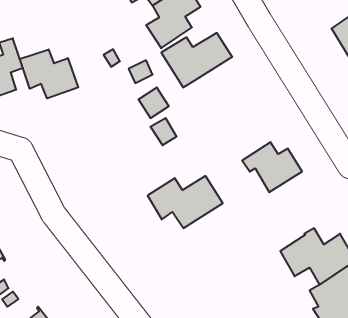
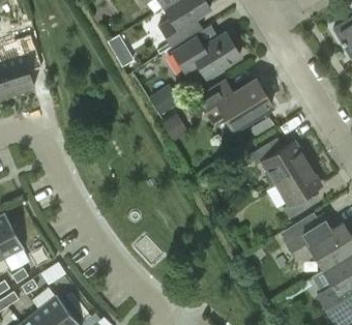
building: [20,49,78,98] -> none
building: none -> [274,165,319,218]
building: [148,176,223,228] -> [199,80,270,129]

